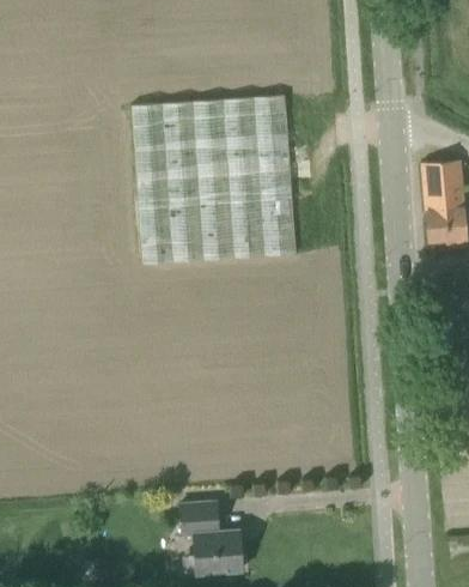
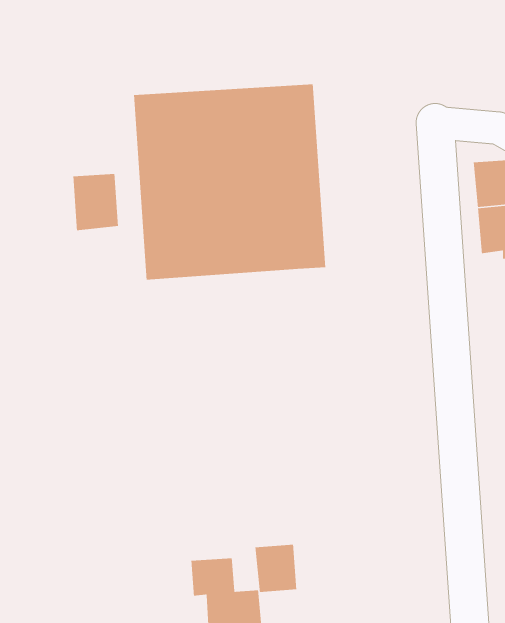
building: none -> [72,173,119,231]
building: none -> [255,544,297,593]

